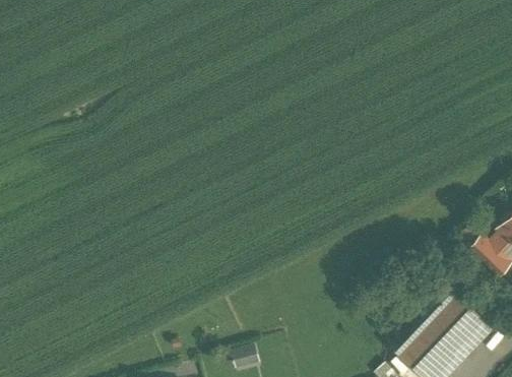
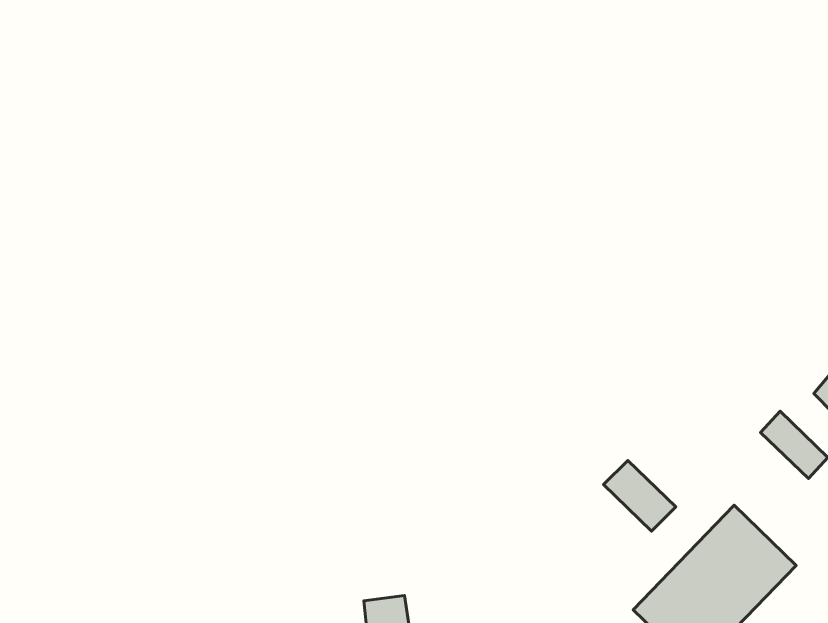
building: none -> [603,460,676,531]

